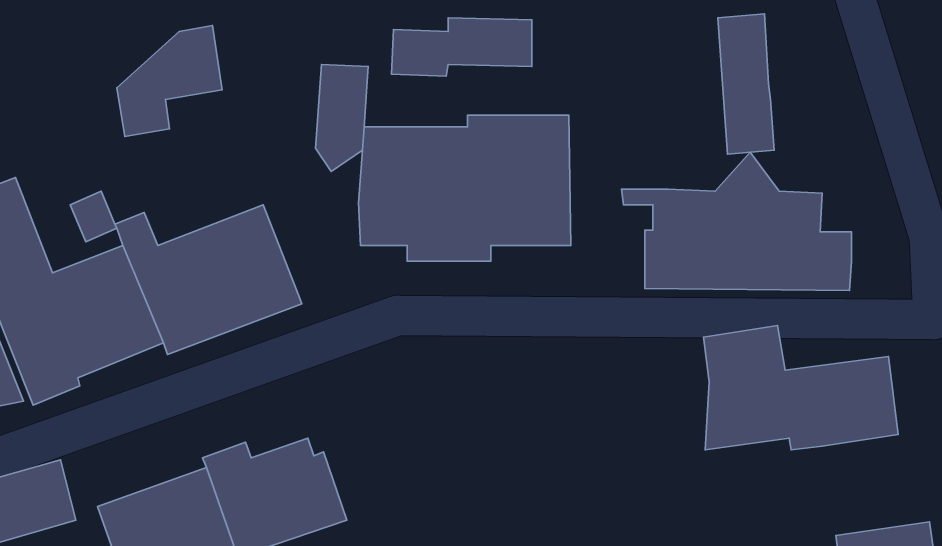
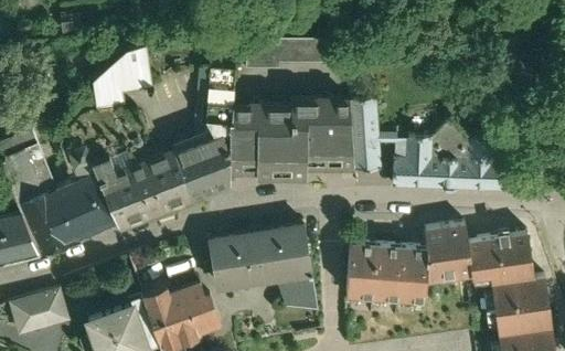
building: [718,14,774,154] -> [349,97,381,177]
building: none -> [174,128,230,196]
building: none -> [207,219,317,309]
building: none -> [347,241,427,300]
building: none -> [491,275,552,333]

